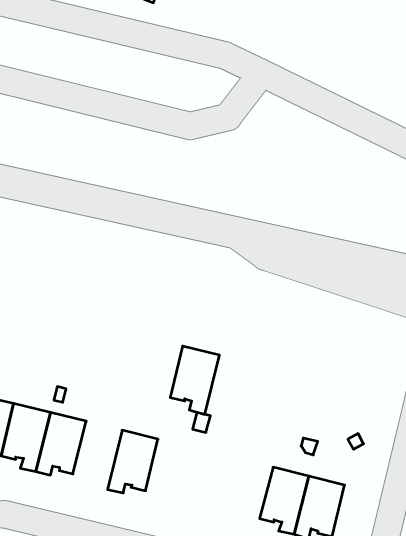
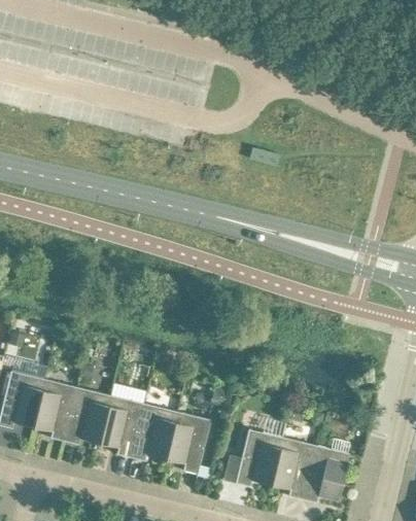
building: [170,346,219,414] -> [165,411,210,474]
building: none -> [98,394,143,457]
building: none -> [235,428,282,486]

